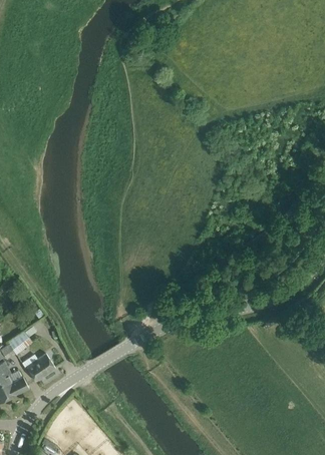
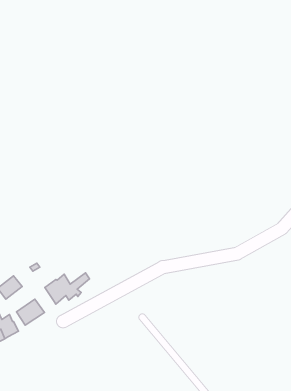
building: none -> [45,273,89,304]

